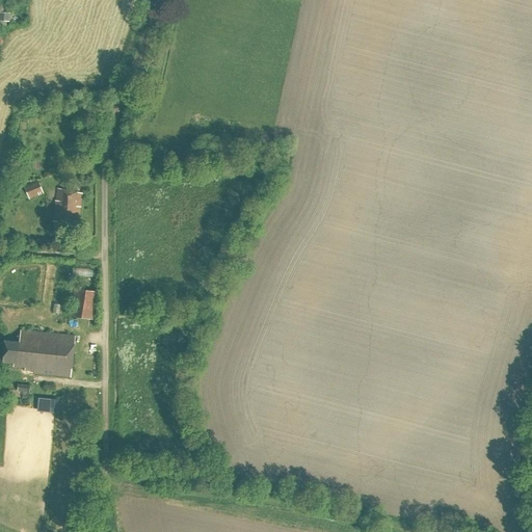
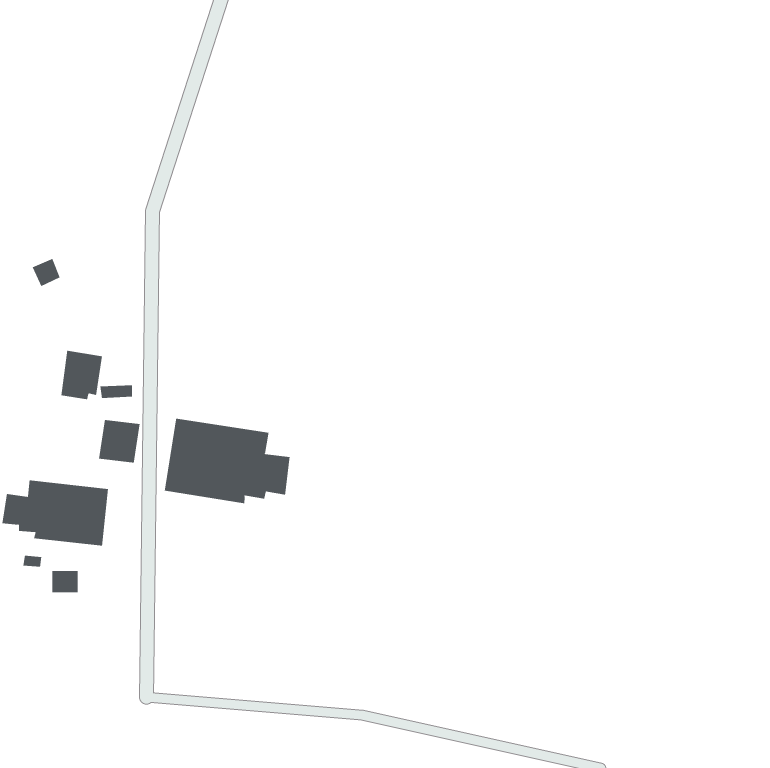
building: [52,188,81,222] -> [61,350,103,400]
building: none -> [164,418,290,504]

